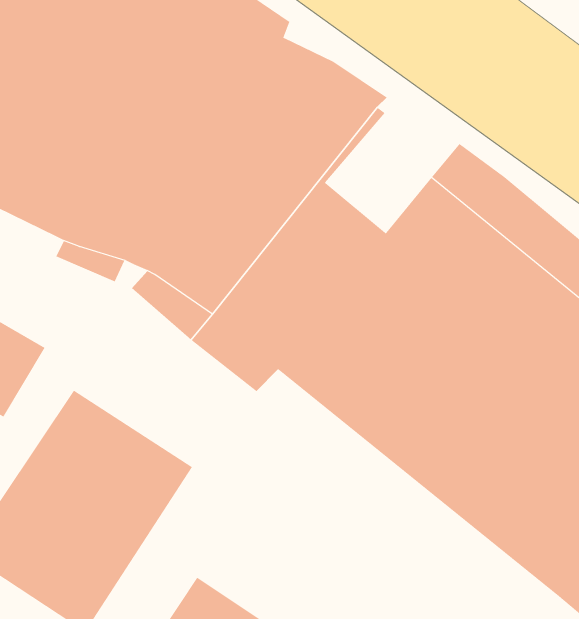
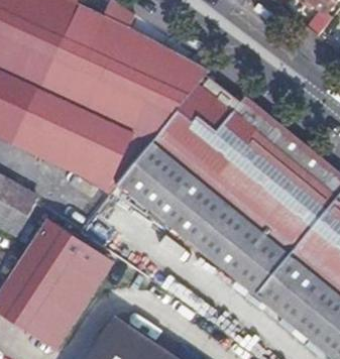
building: none -> [178,81,236,141]

